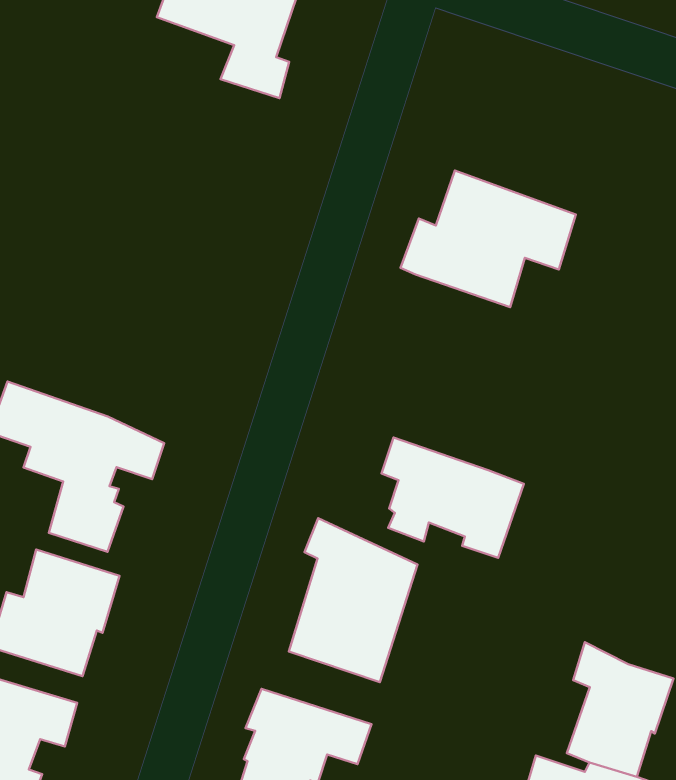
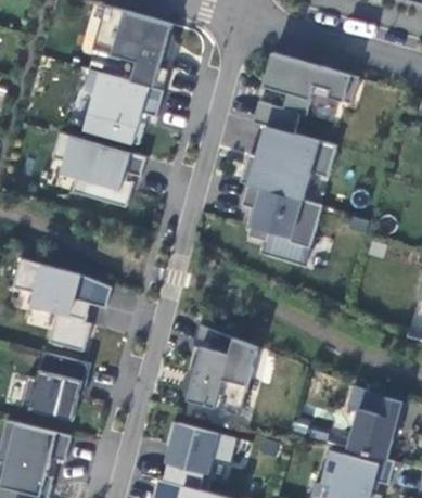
building: none -> [253,53,358,133]
building: none -> [85,69,164,144]
building: none -> [52,133,145,207]
building: [382,437,524,558] -> [241,184,321,248]

